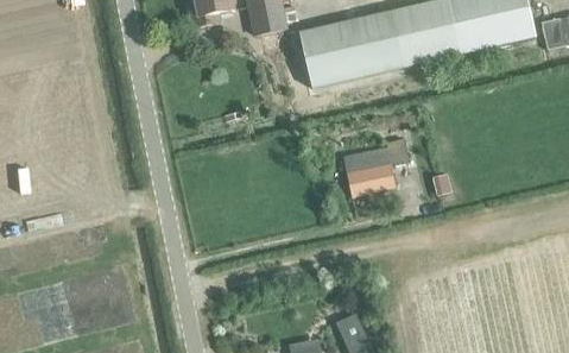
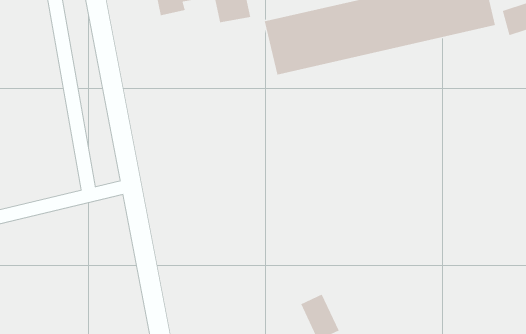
building: [343,137,402,196] -> none

